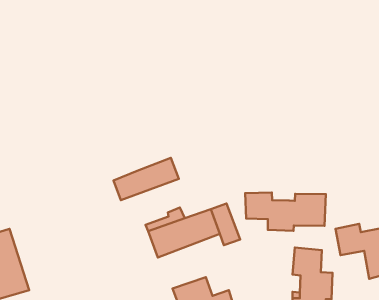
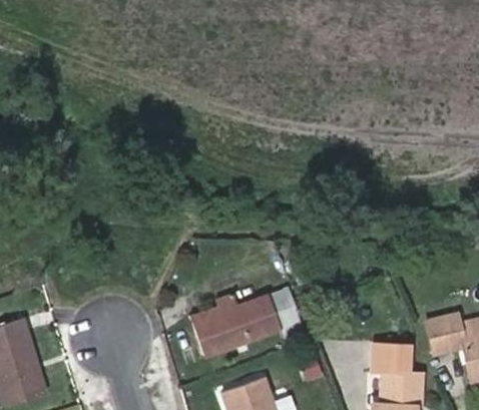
building: [113,158,179,200] -> none
building: [245,192,326,231] -> none

